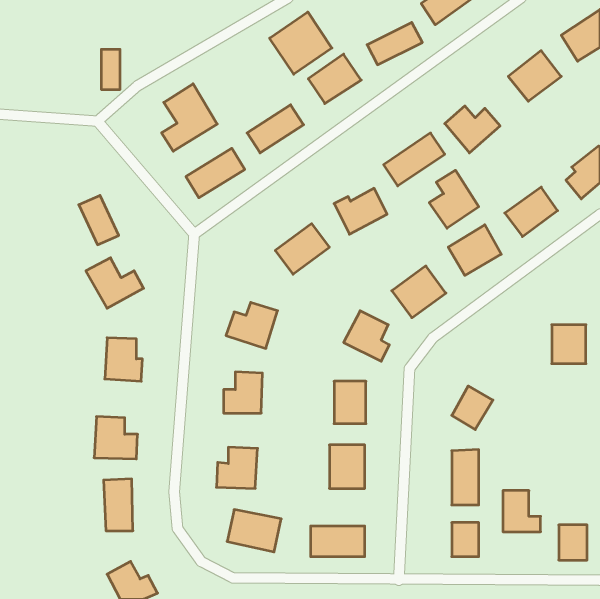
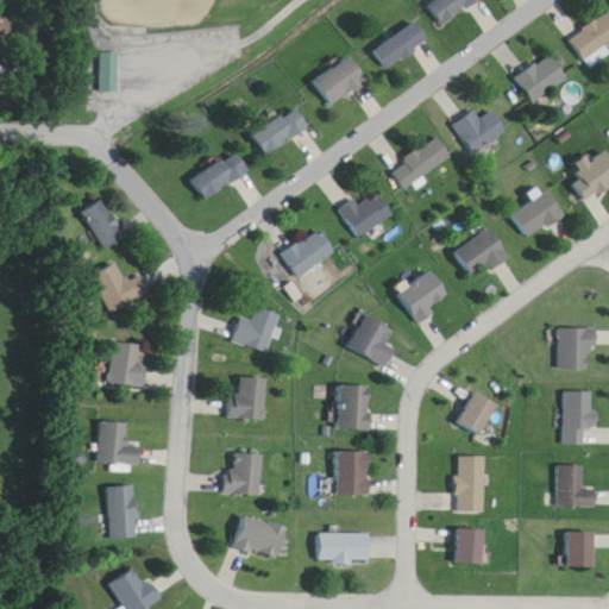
building: [270,12,332,74] -> none
building: [162,84,217,151] -> none
building: [429,170,479,228] -> none
building: none -> [563,390,595,442]
building: [503,491,541,532] -> [555,464,594,506]

